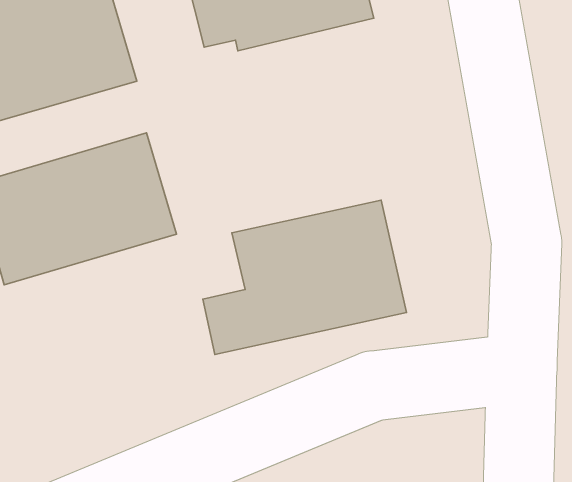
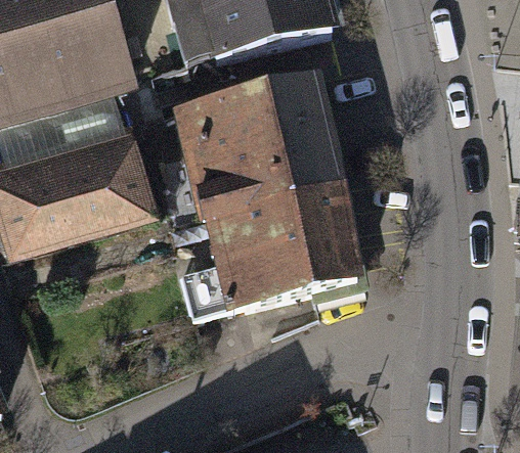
building: none -> [178,79,335,214]

